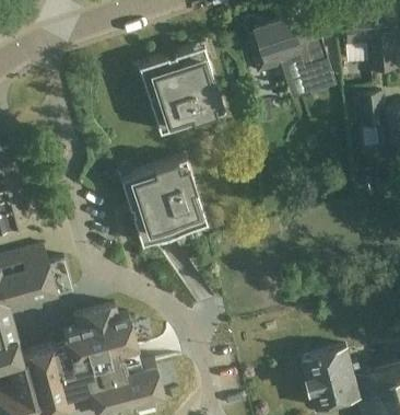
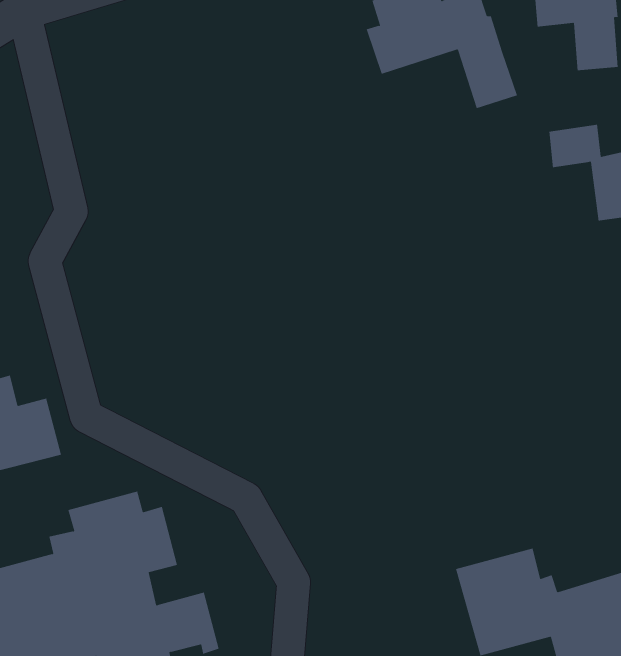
building: [138,44,224,131] -> none
building: [120,157,207,243] -> none

